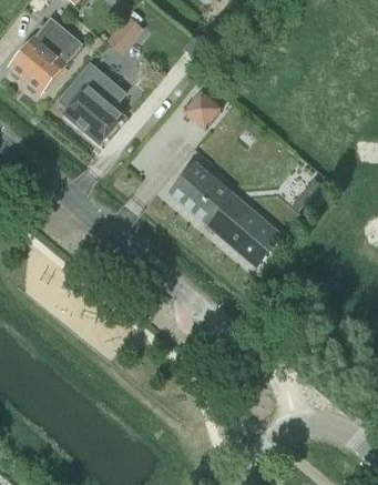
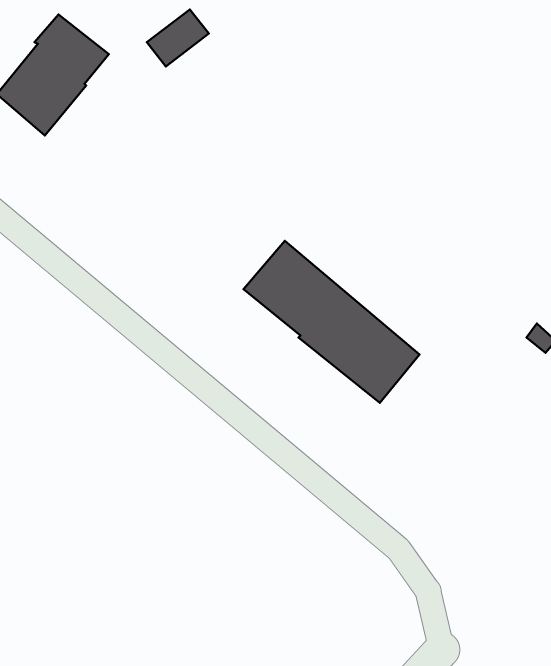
building: [65,62,127,145] -> none
building: [181,88,221,129] -> none

